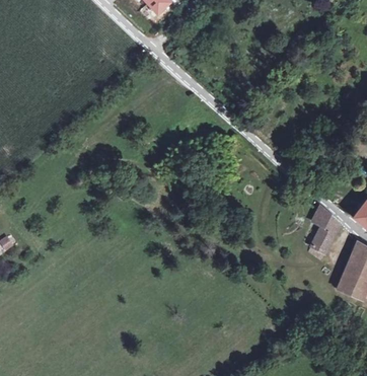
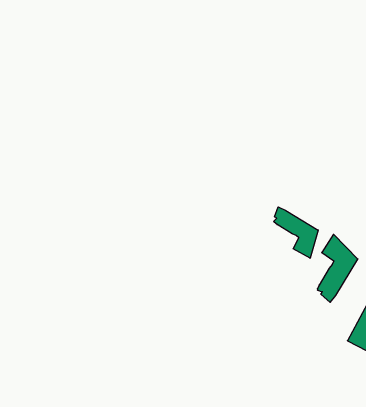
building: none -> [274,207,318,258]

